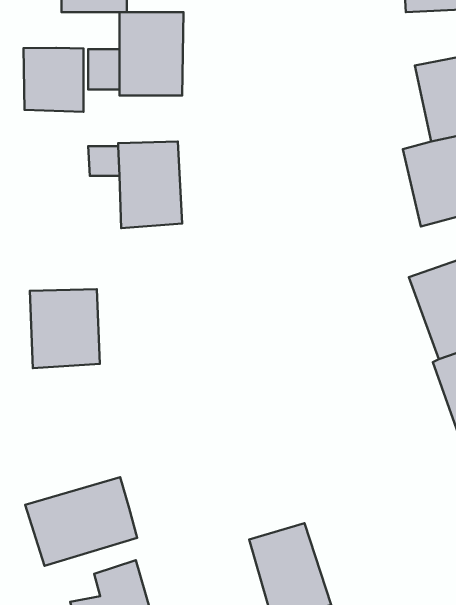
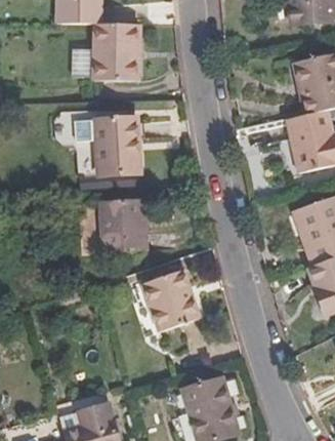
building: [23,48,83,112] -> none
building: [30,289,100,368] -> [99,196,148,250]
building: none -> [142,266,200,329]
building: [25,477,137,566] -> none

